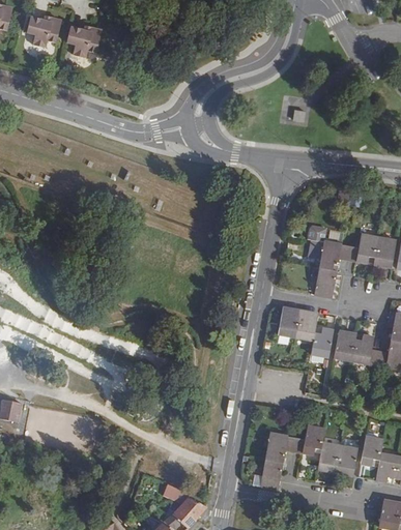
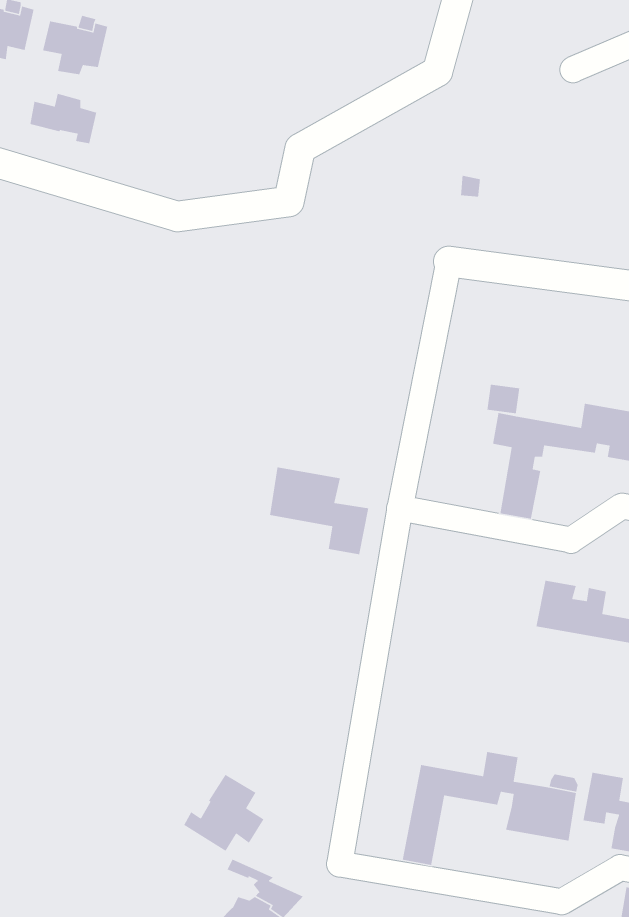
building: none -> [29,93,97,144]
building: [280,307,335,356] -> [269,467,369,555]
building: none -> [183,774,265,852]

